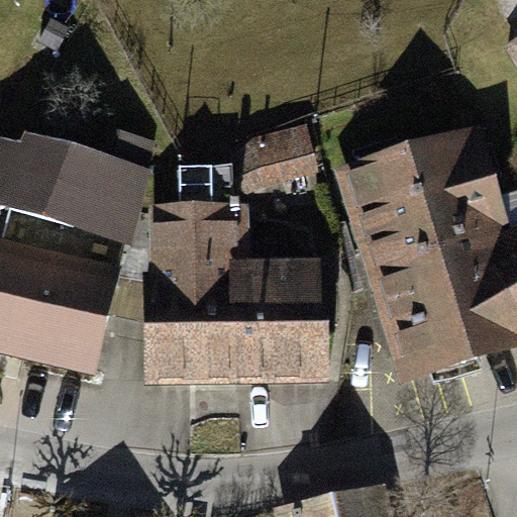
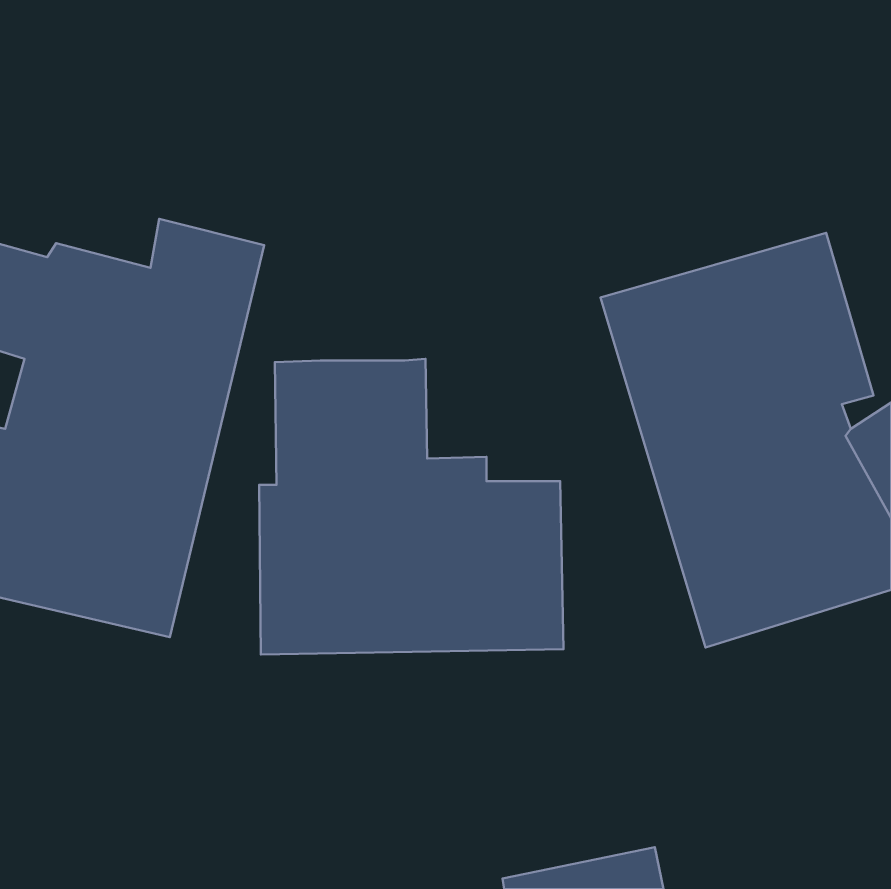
building: [183,129,316,208] -> none

